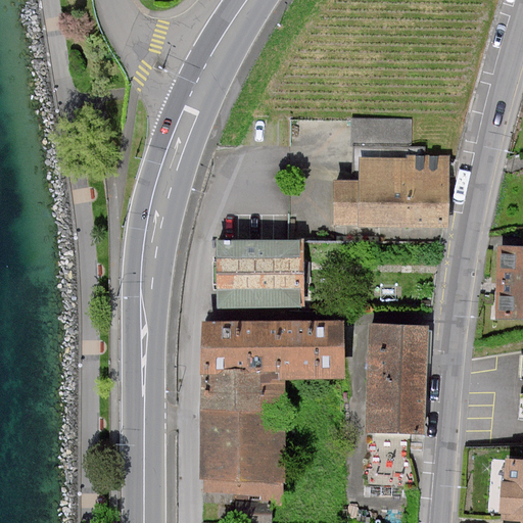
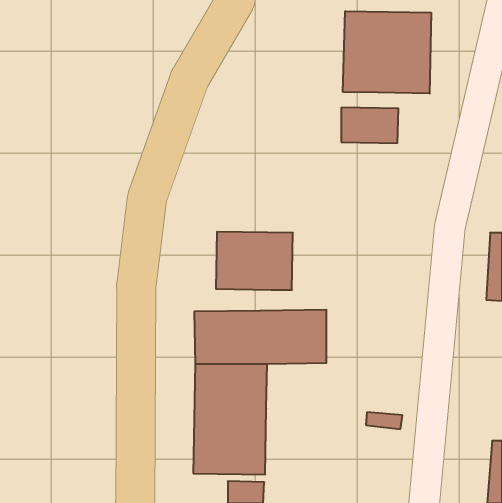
building: none -> [343,11,431,94]
building: [334,157,444,224] -> none
building: [372,322,427,427] -> none

